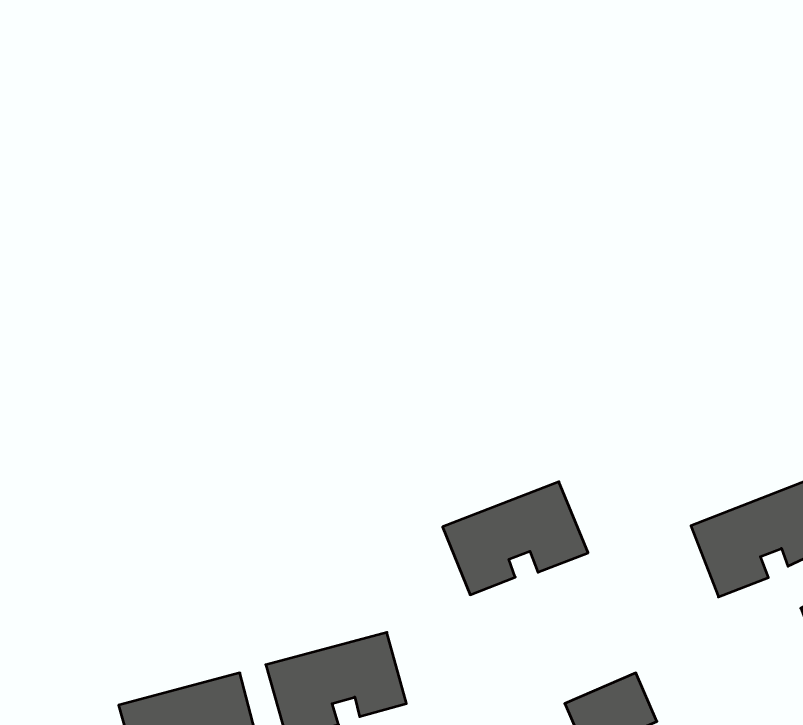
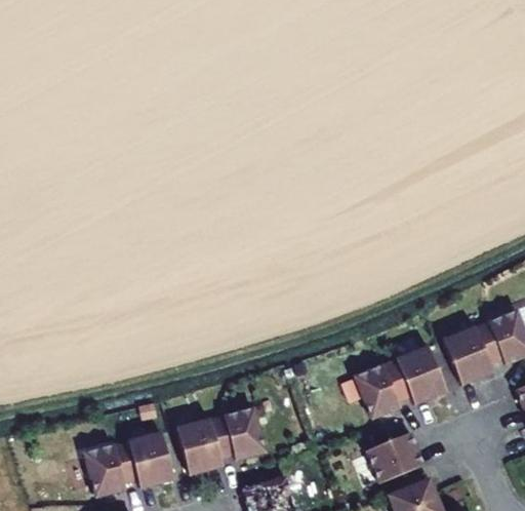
building: [443,482,588,595] -> [356,345,448,417]

